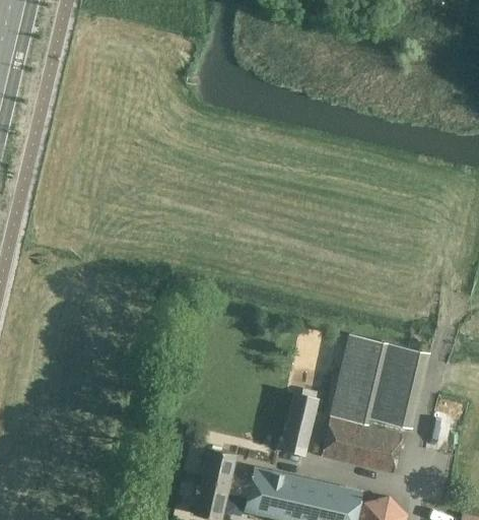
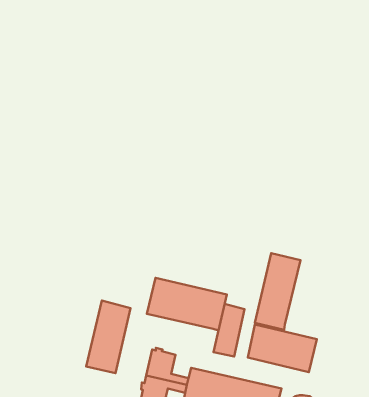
building: [365,341,422,427] -> none
building: none -> [147,278,227,331]
building: none -> [86,301,131,373]

